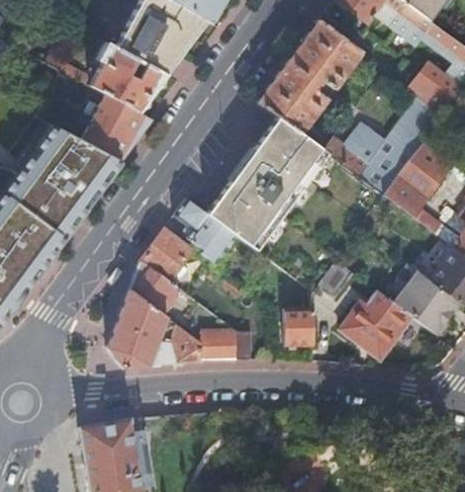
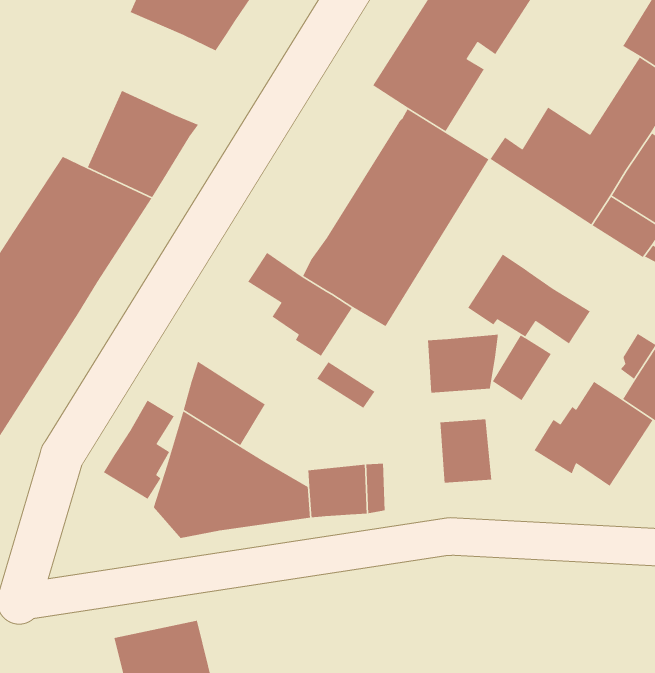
building: [90,43,165,110] -> none
building: none -> [467,254,591,344]
building: [141,227,193,281] -> none
building: none -> [427,334,499,394]
building: none -> [103,400,175,500]

